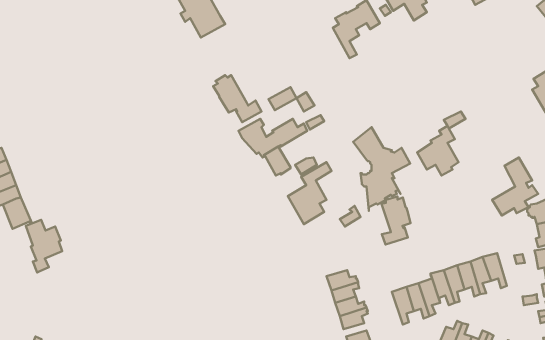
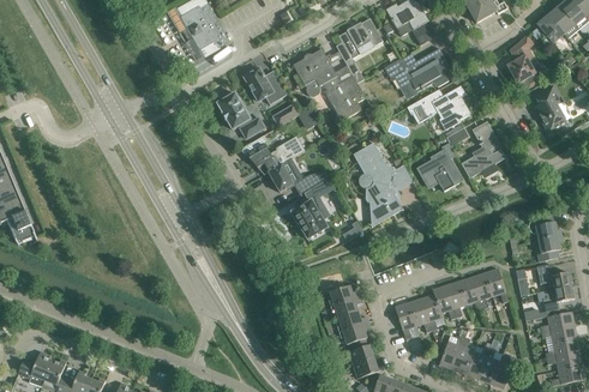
building: none -> [507,36,540,88]
building: none -> [293,48,366,121]
building: none -> [384,48,449,95]
building: none -> [244,67,288,104]
building: none -> [407,85,468,131]
building: [492,157,538,216] -> [461,121,506,179]
building: [381,197,411,244] -> none
building: [26,220,62,272] -> none

